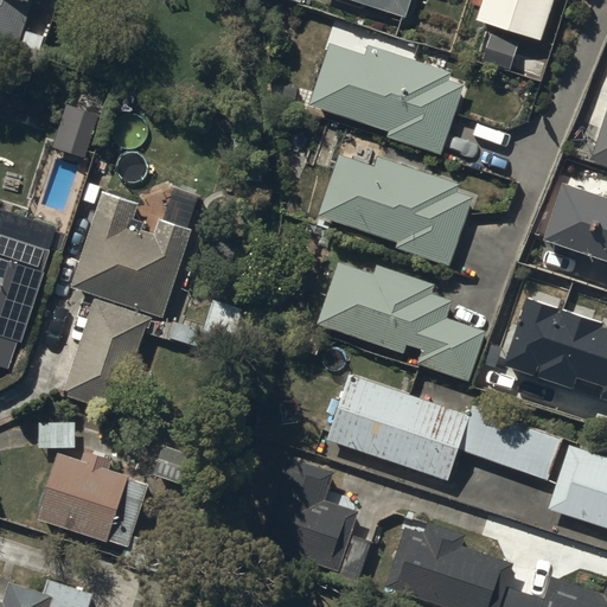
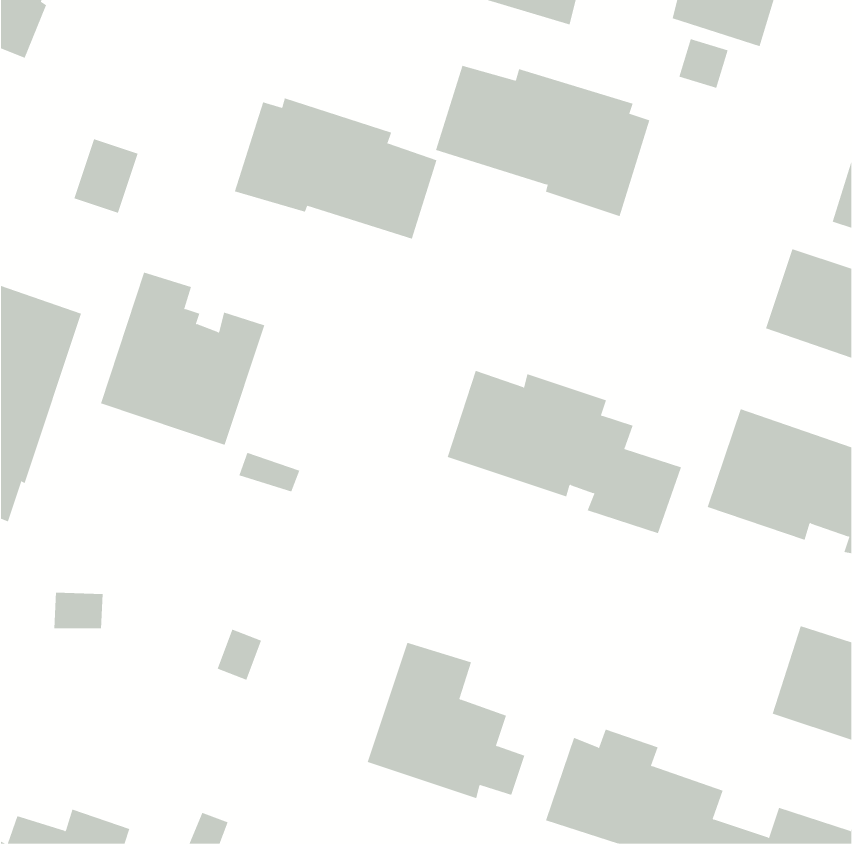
building: none -> [234,98,437,239]
building: [321,159,473,268] -> none
building: [63,300,152,411] -> none
building: [327,377,561,480] -> none
building: [38,453,146,548] -> none

